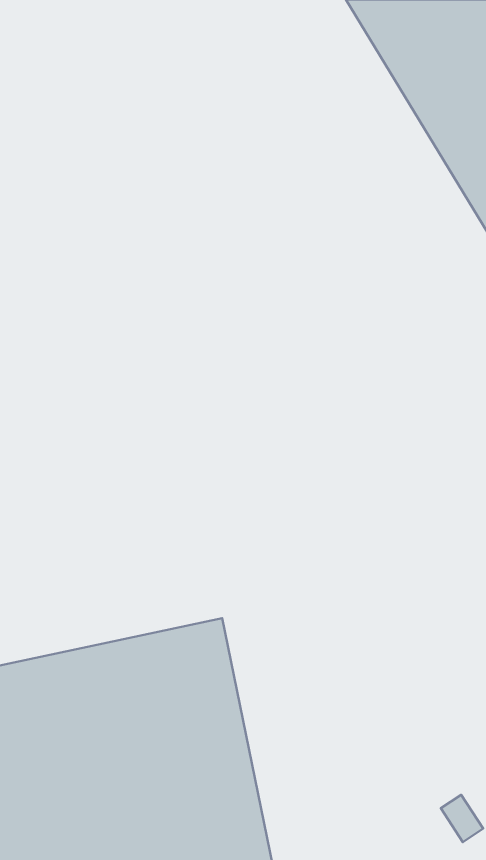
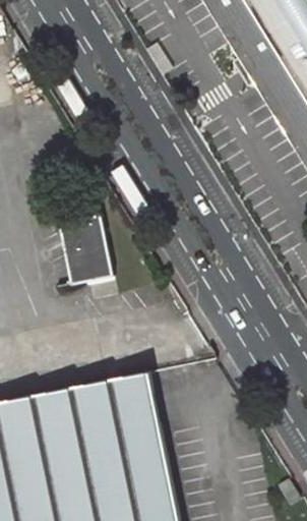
building: none -> [56,216,110,285]

